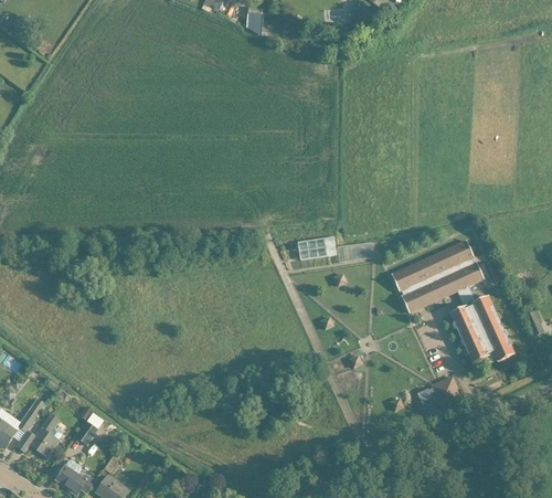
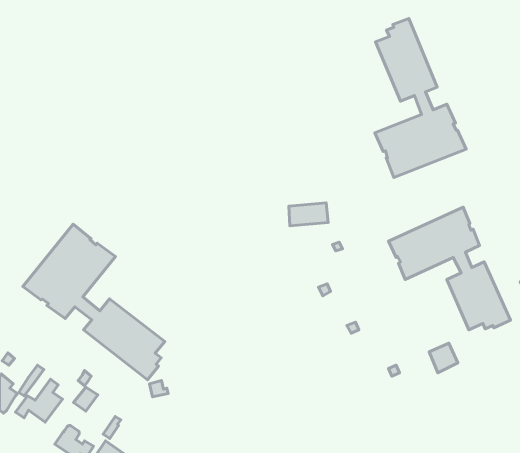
building: none -> [375,18,466,178]
building: none -> [23,224,165,380]

